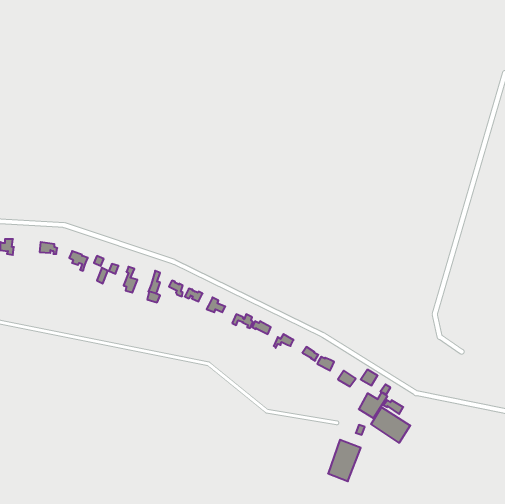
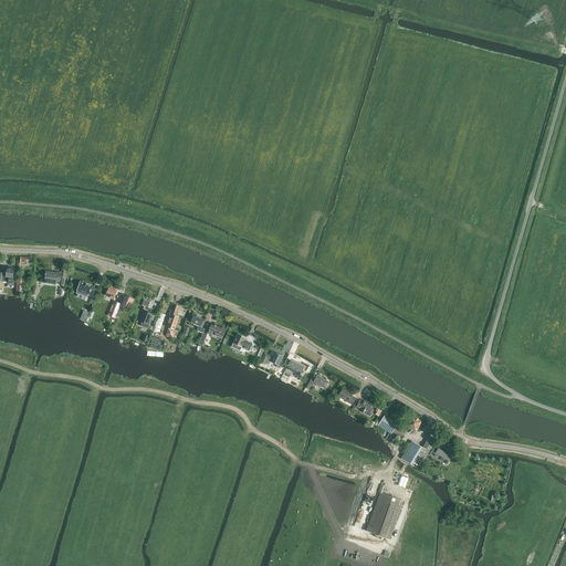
building: [371,407,410,443] -> none

